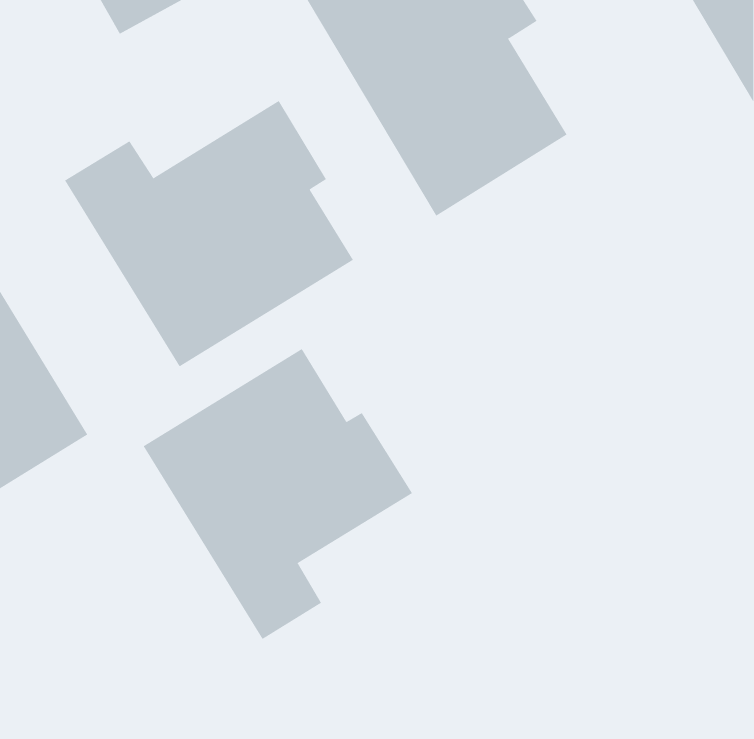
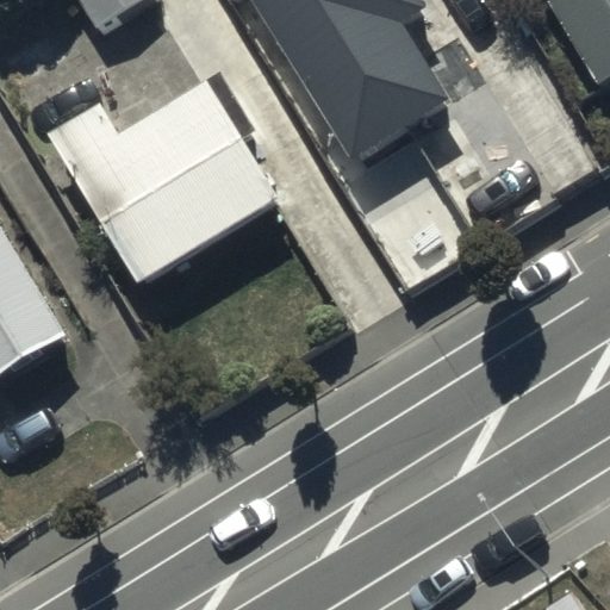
building: [143,348,413,640] -> none

